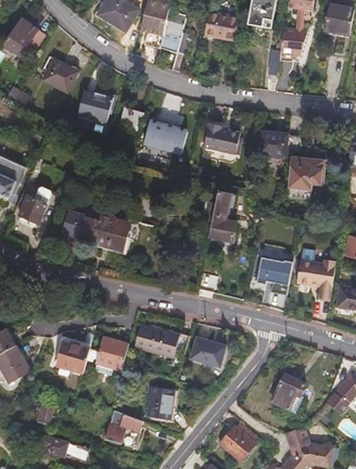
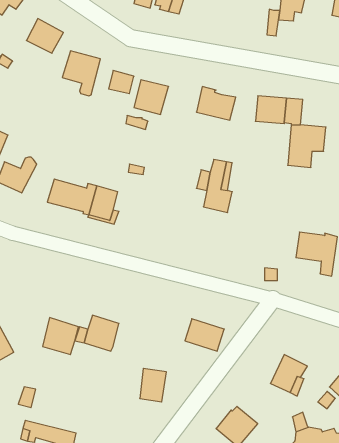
building: [252,258,287,287] -> none
building: [137,325,190,362] -> none
building: [107,411,143,447] -> none

